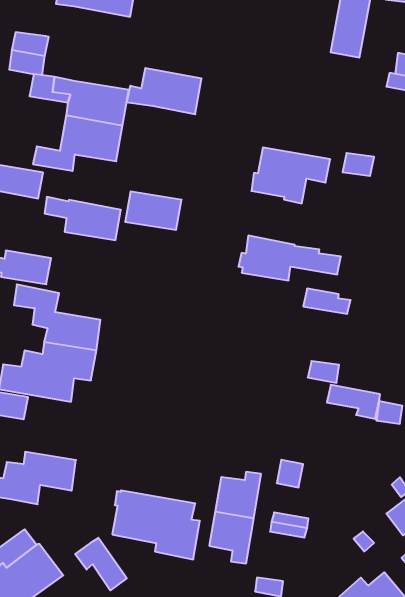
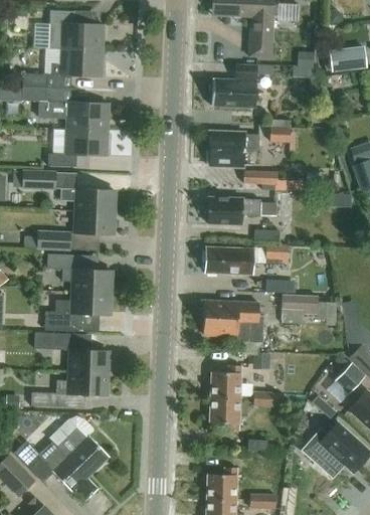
building: none -> [211,64,258,108]
building: [127,68,202,114] -> [52,49,104,77]
building: [125,191,182,230] -> [76,211,115,234]
building: none -> [243,170,277,191]
building: none -> [206,244,289,275]
building: none -> [70,349,109,373]
building: [112,490,200,559] -> [202,302,264,344]
building: [75,538,127,590] -> none

